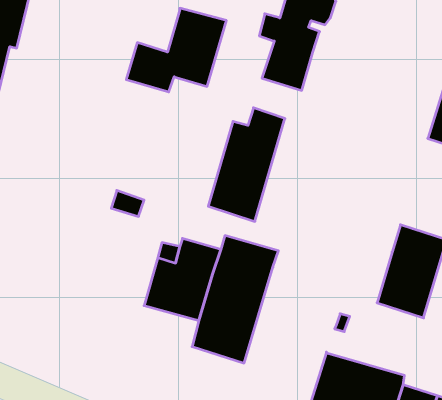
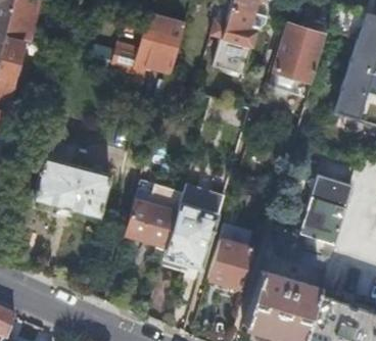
building: [208,108,285,221] -> [269,14,326,99]
building: none -> [32,158,109,216]
building: none -> [208,240,251,288]

